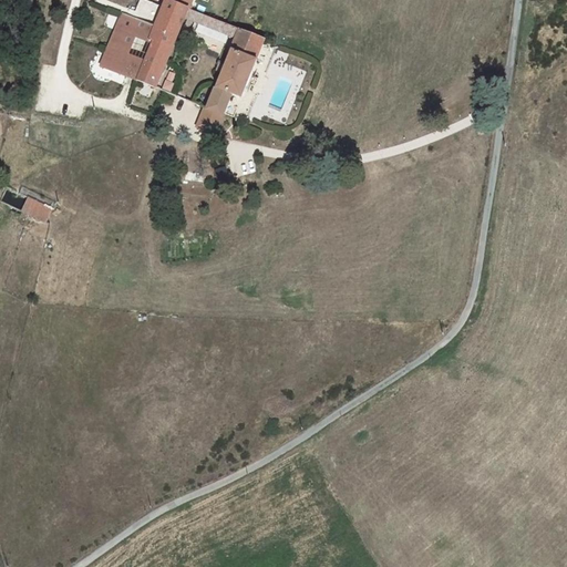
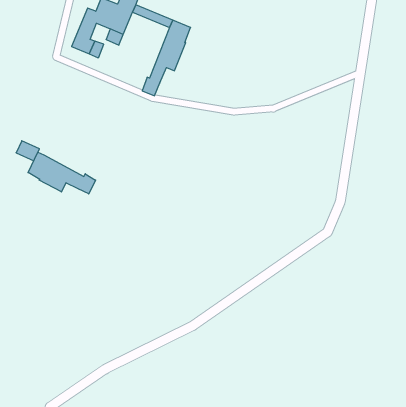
building: [136,54,164,86] -> none
building: none -> [28,152,96,194]

